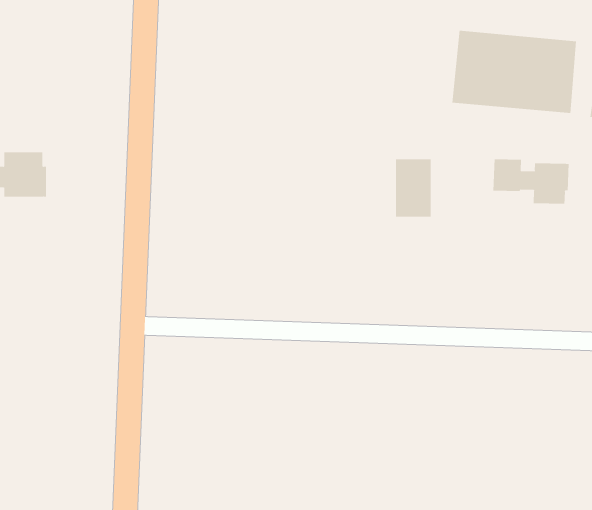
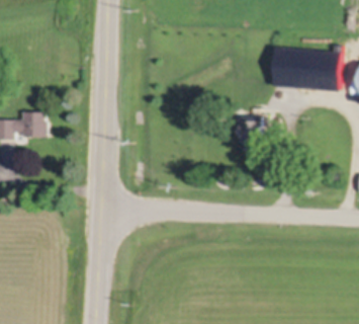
building: [493,158,569,204] -> none

